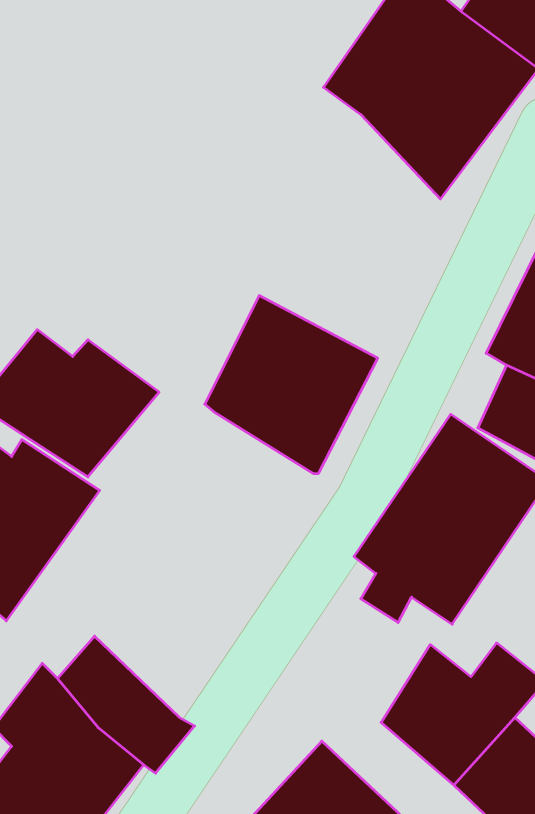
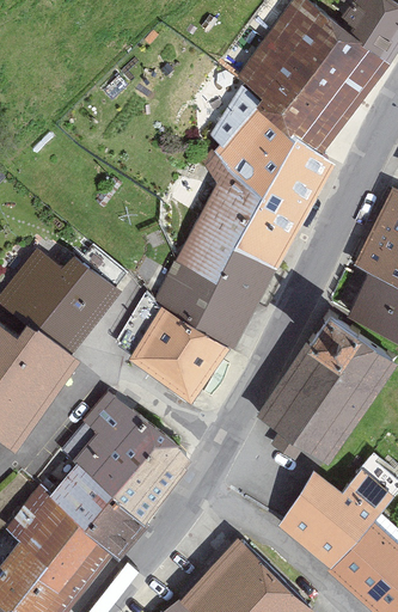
building: none -> [192,97,335,269]
building: none -> [128,307,231,405]
building: none -> [72,391,190,522]

